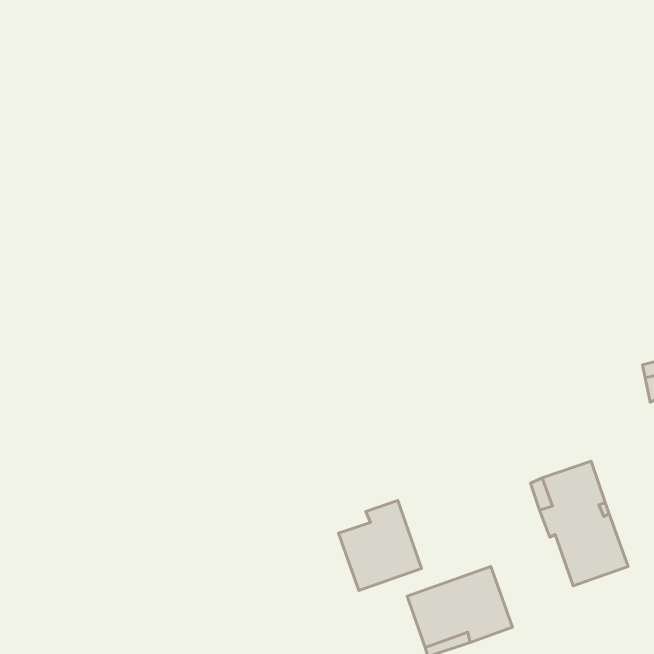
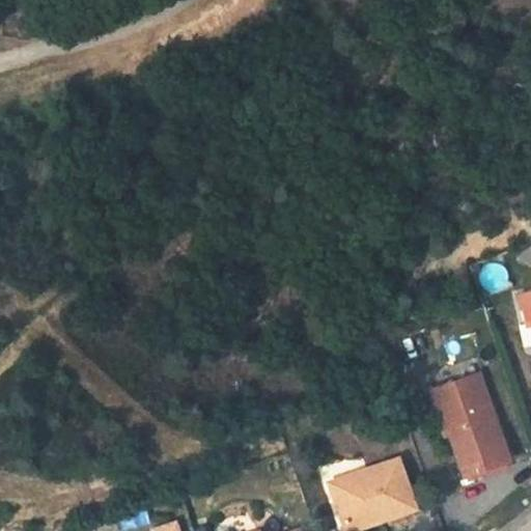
building: [338,501,422,591] -> none

